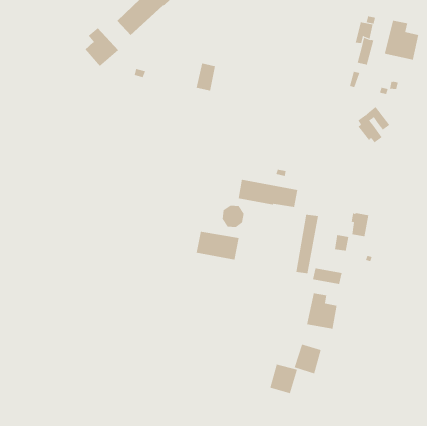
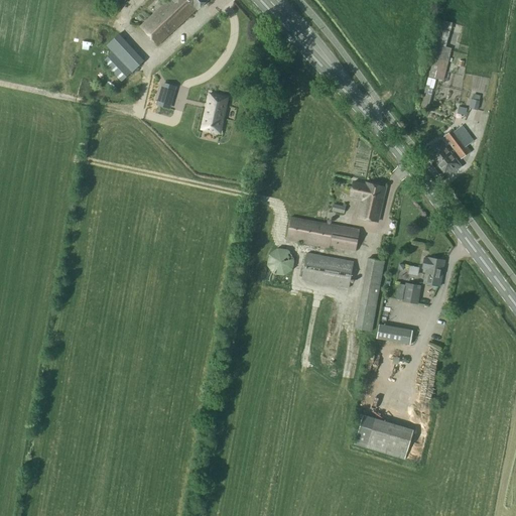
building: [384,20,419,61] -> none
building: [196,63,216,91] -> [204,93,228,127]
building: none -> [351,180,386,221]
building: [196,231,239,260] -> [302,252,355,287]
building: [307,293,337,330] -> none
building: [269,364,298,394] -> [380,421,414,458]

